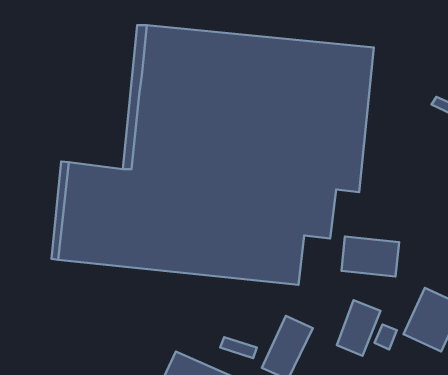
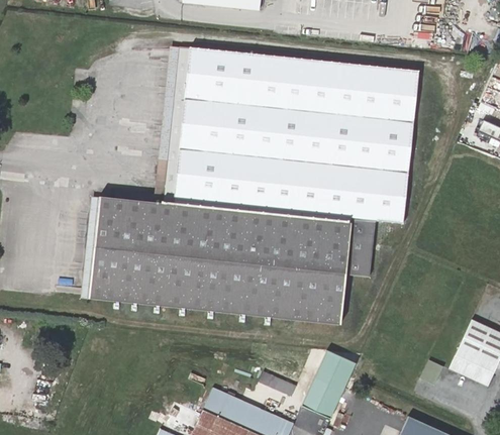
building: [342,236,399,276] -> none
building: [337,300,381,356] -> none

